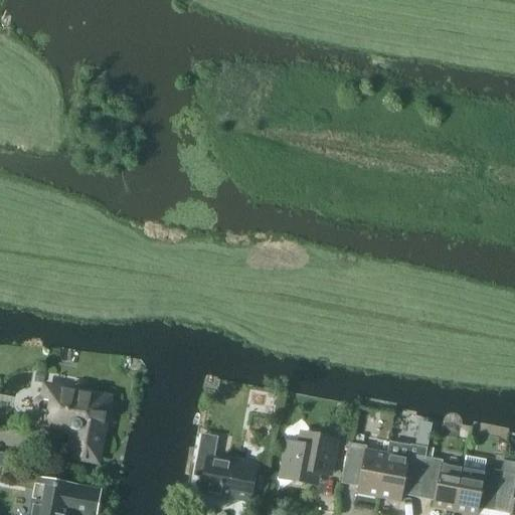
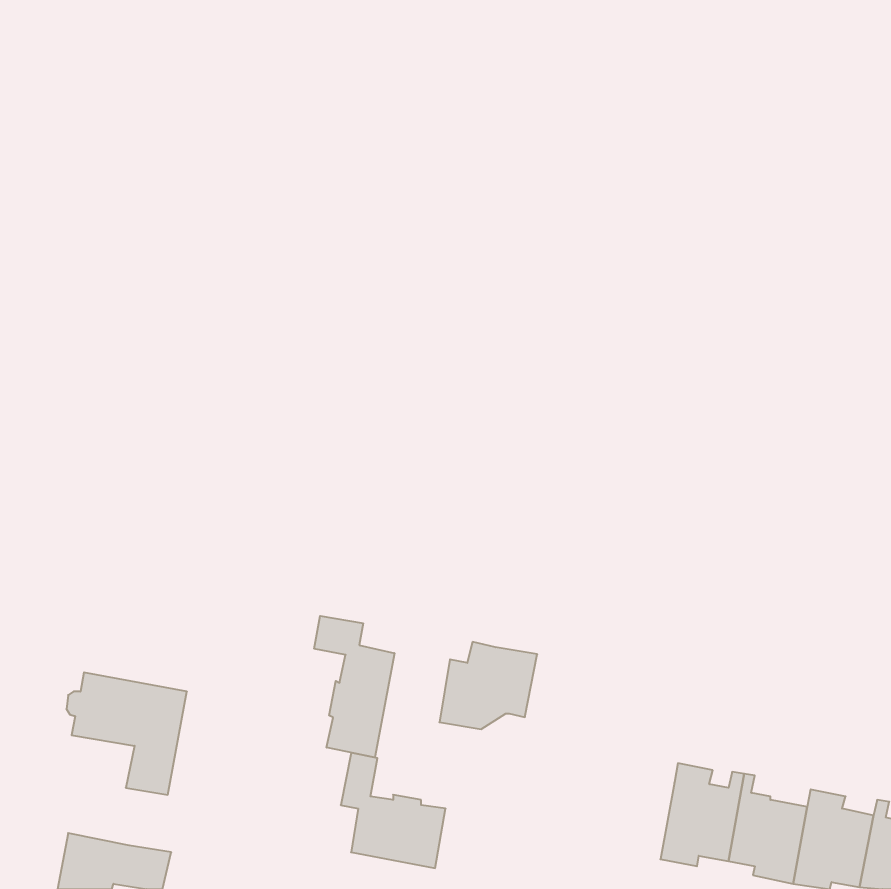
building: none -> [314,616,394,757]
building: [283,431,339,481] -> [439,642,537,729]
building: [343,441,389,495] -> none

